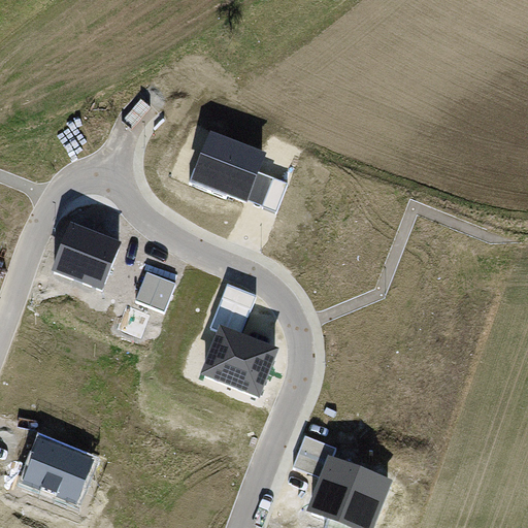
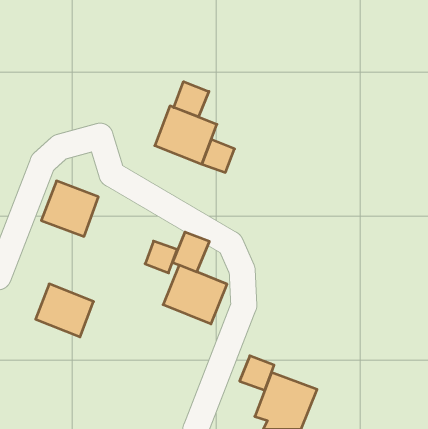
building: none -> [174,82,209,117]
building: [135,271,174,310] -> [145,241,177,273]
building: [21,436,92,501] -> [36,284,94,337]

